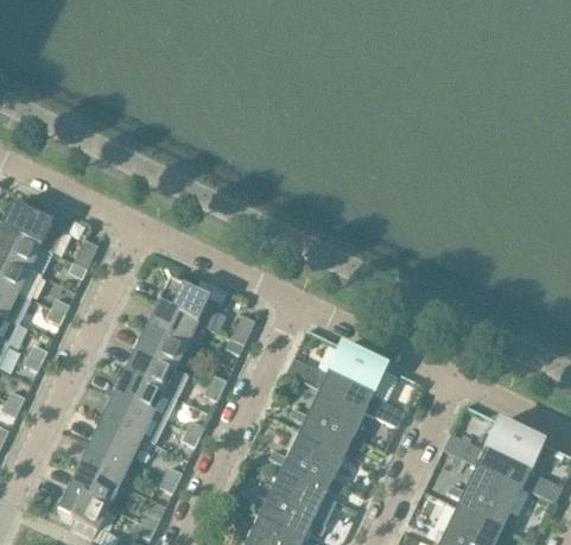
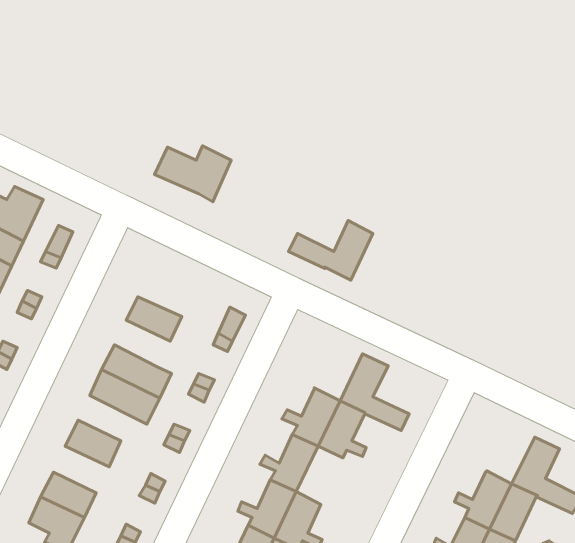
building: [157,279,227,330] -> [155,146,231,202]
building: [135,327,186,369] -> none
building: [285,346,362,400] -> [289,220,373,280]
building: [102,395,165,444] -> none
building: [443,422,520,476] -> none
building: [80,442,131,484] -> none
building: [302,442,345,495] -> none

